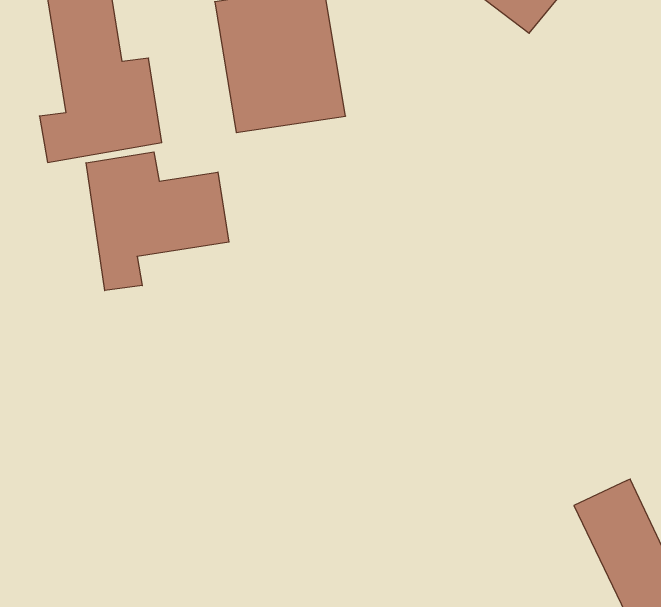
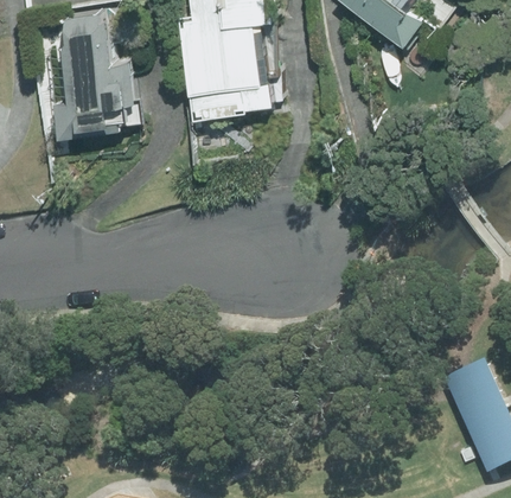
building: [86,152,229,291] -> none

